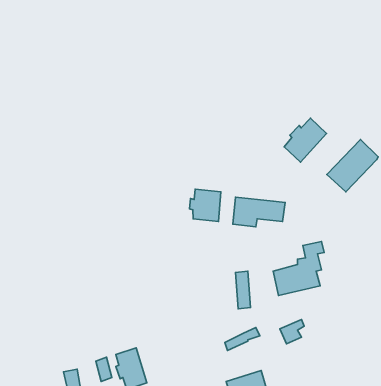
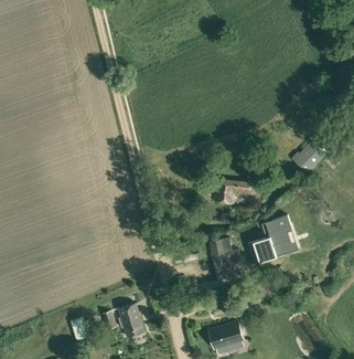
building: [284,118,327,162] -> none
building: [189,189,221,222] -> none

